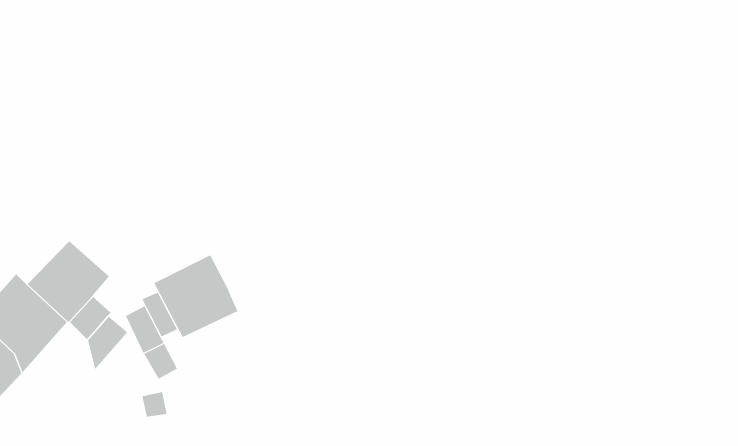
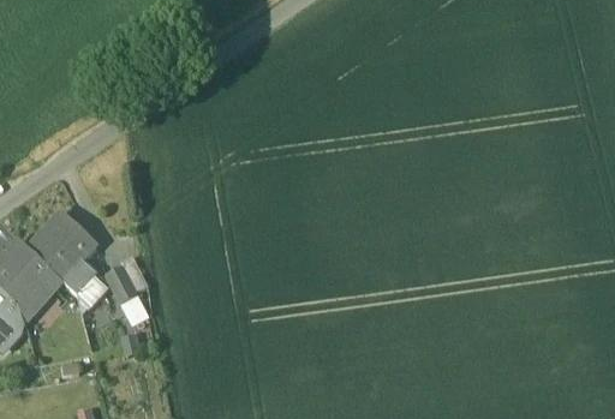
building: [154,255,238,338] -> none

